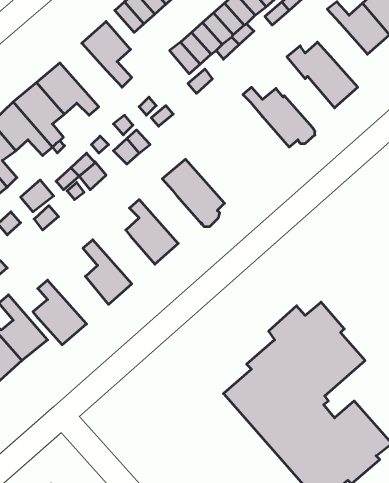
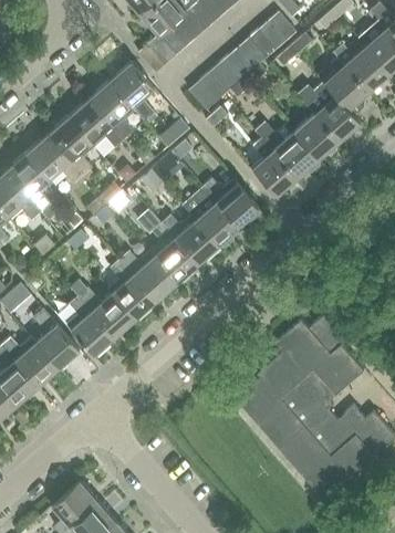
building: none -> [323,56,368,113]
building: none -> [90,82,135,139]
building: none -> [293,112,339,158]
building: none -> [251,128,298,195]
building: none -> [204,177,260,227]
building: none -> [162,215,218,263]
building: none -> [119,251,176,300]
building: none -> [71,280,134,336]

